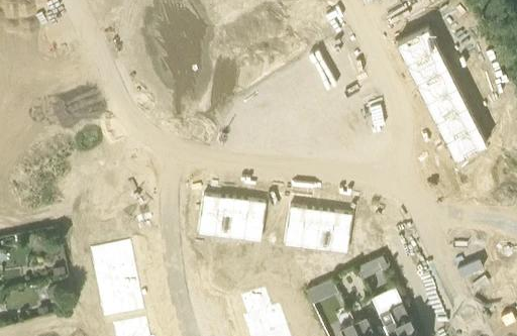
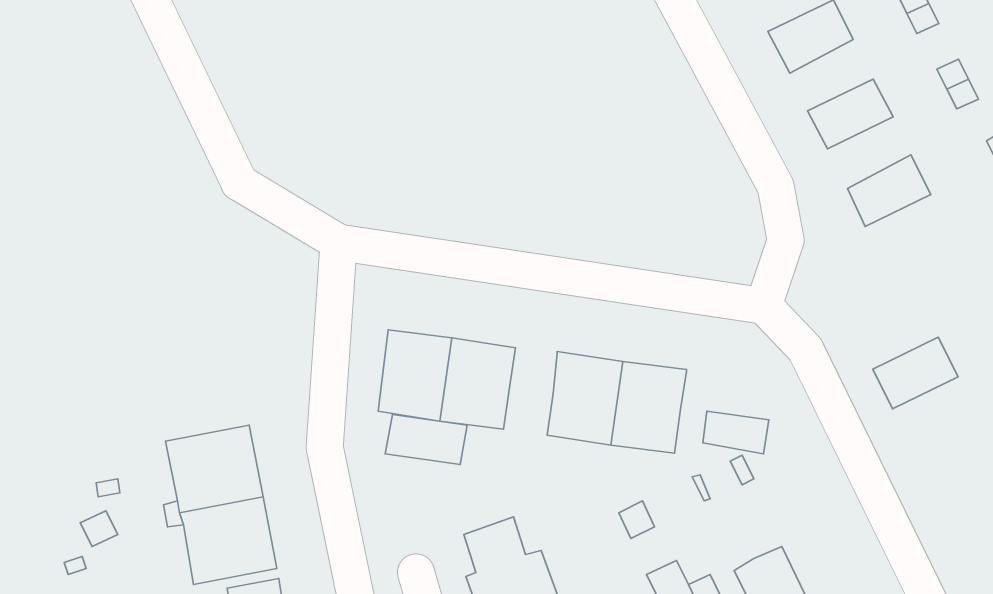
building: [406,44,448,81] -> none
building: [425,84,468,120] -> none
building: [444,123,488,159] -> [873,337,958,409]
building: none -> [703,411,769,454]
building: none -> [385,414,467,465]

